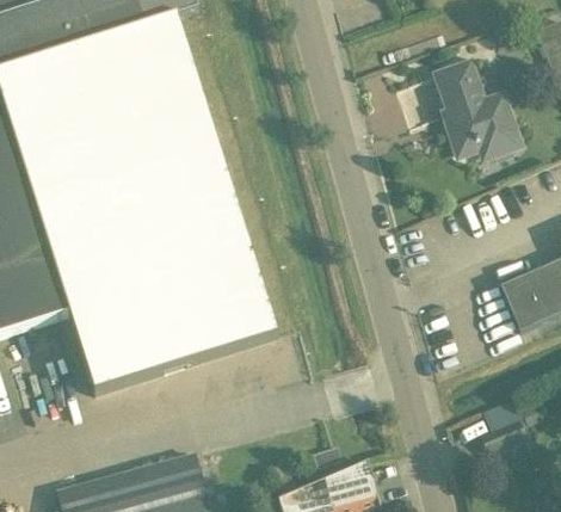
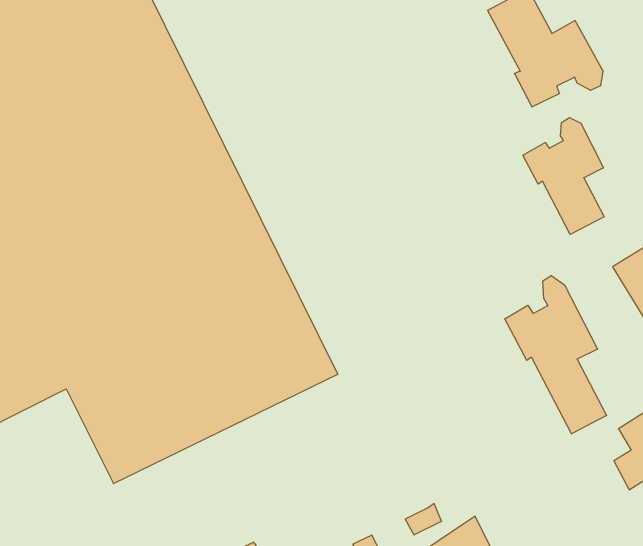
building: none -> [523,118,604,234]
building: none -> [505,276,607,434]

